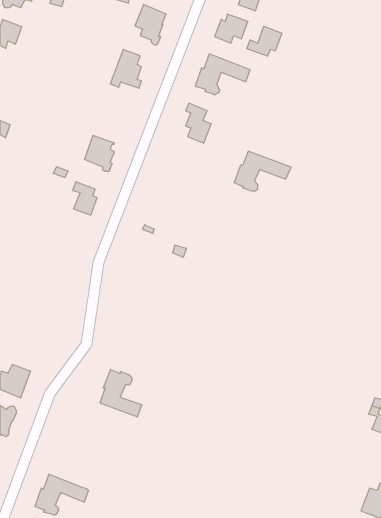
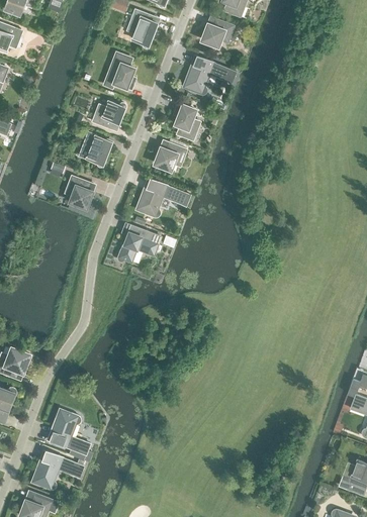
building: [247,26,282,56] -> none
building: none -> [93,100,125,127]
building: none -> [155,141,186,169]
building: [234,151,291,191] -> [137,179,191,216]
building: none -> [117,226,160,261]
building: [100,369,142,417] -> [51,409,90,453]

